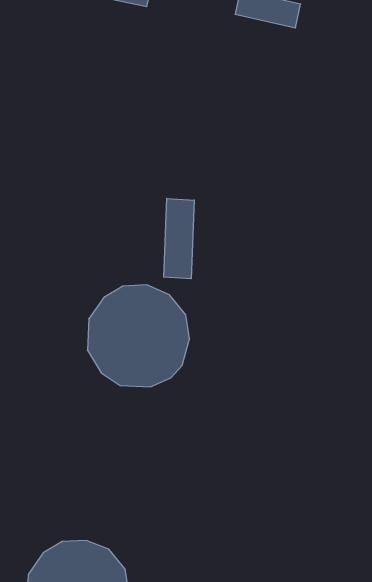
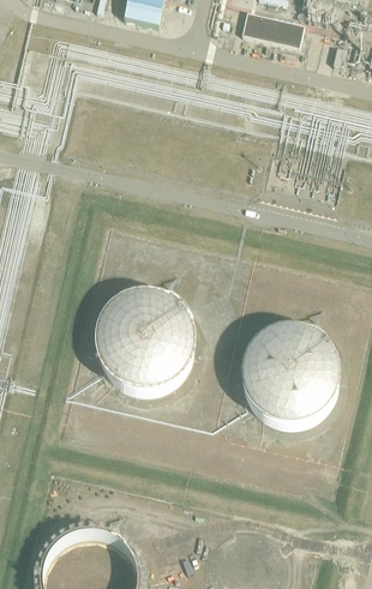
building: [164,198,194,279] -> none
building: none -> [244,325,342,422]

